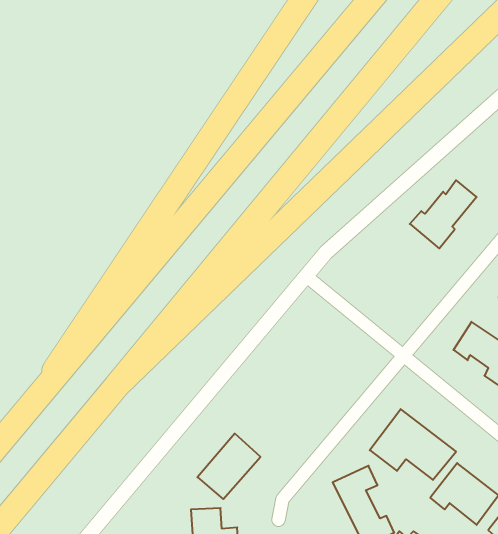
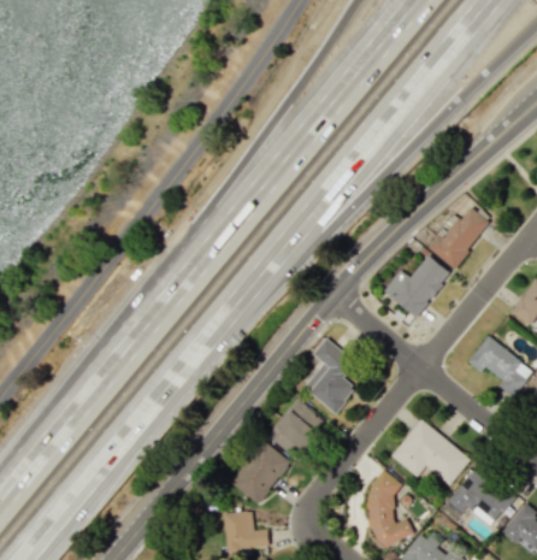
building: none -> [384,254,452,317]
building: none -> [302,338,356,414]
building: none -> [267,400,327,461]

